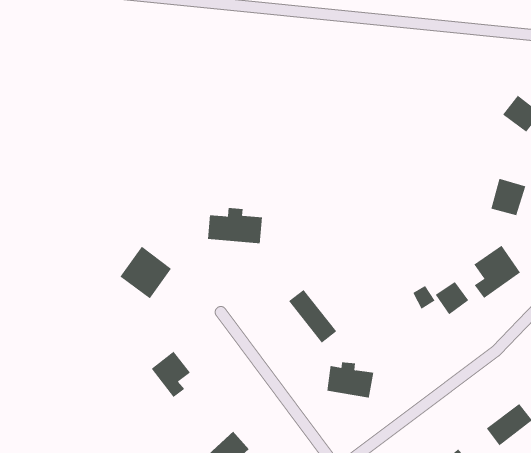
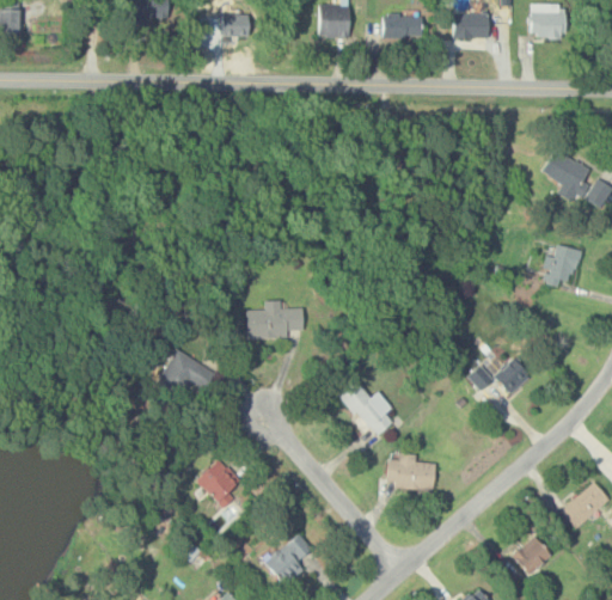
building: [473,245,521,299] -> none

